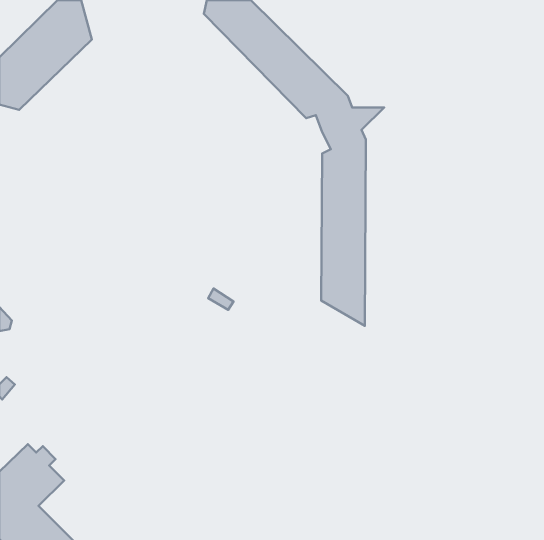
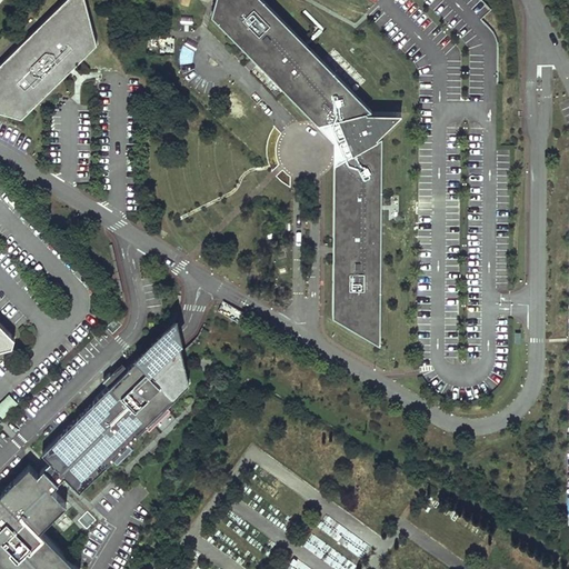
building: none -> [43,326,189,493]

